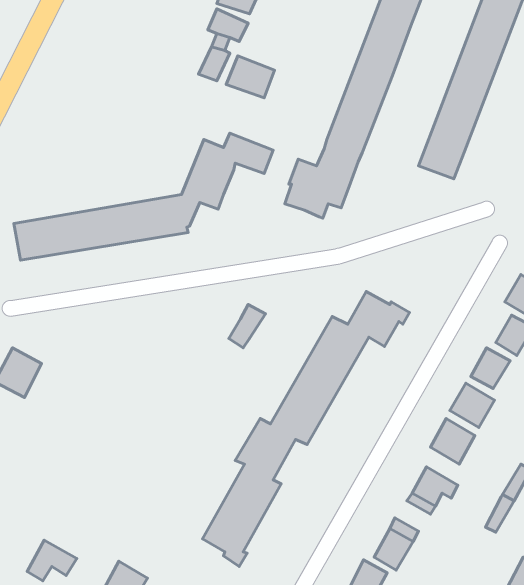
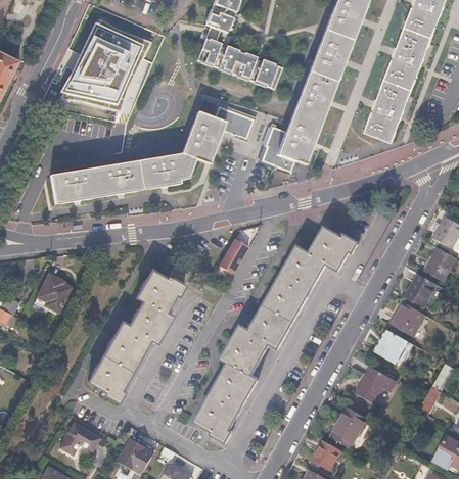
building: none -> [52,19,149,112]
building: none -> [249,60,281,90]
building: none -> [88,265,189,401]

